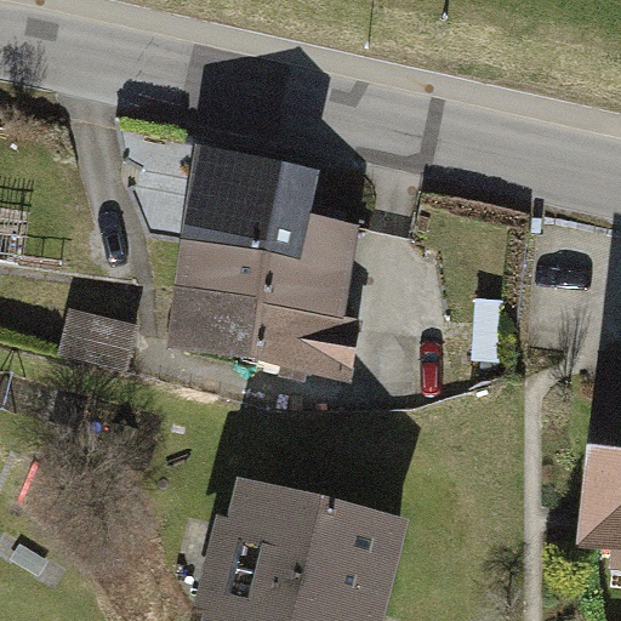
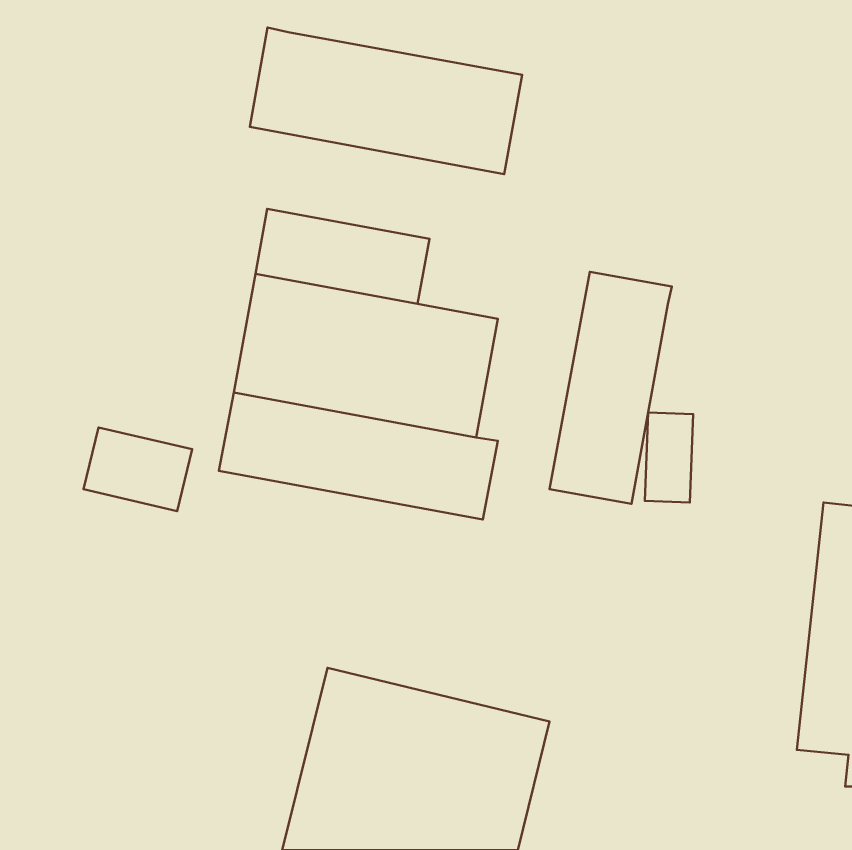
building: none -> [250,27,522,174]
building: none -> [549,272,672,504]

